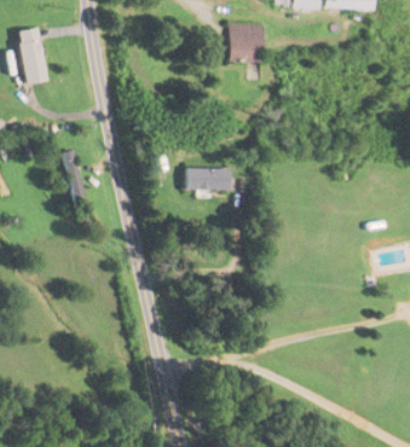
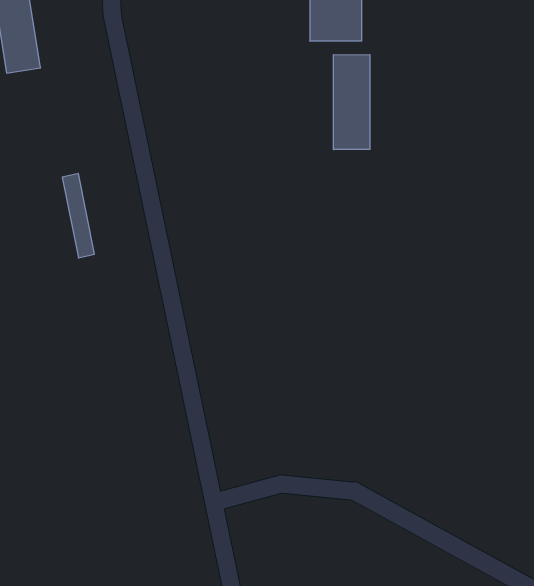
building: none -> [333,55,370,150]
building: [186,168,230,191] -> none

